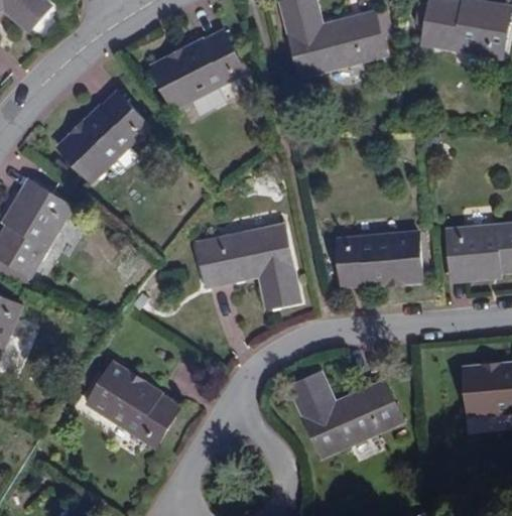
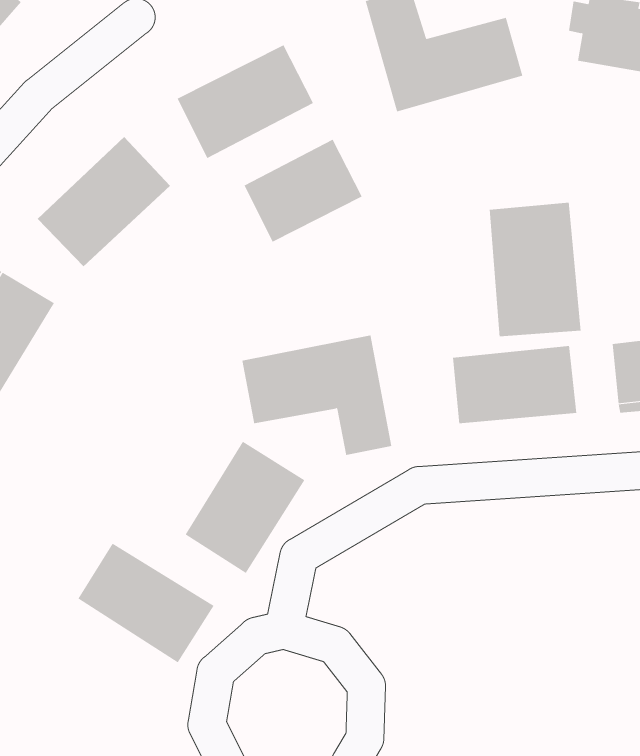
building: none -> [244,139,362,243]
building: none -> [489,202,581,337]
building: none -> [185,441,305,574]
building: [289,373,402,457] -> none

